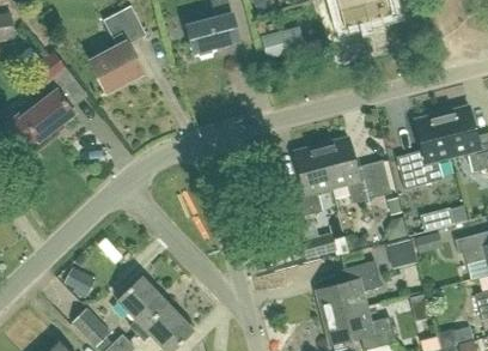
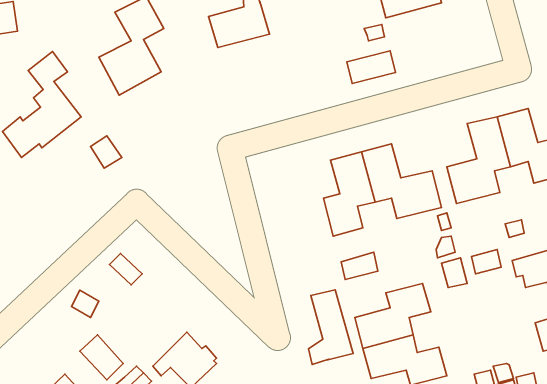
building: [261,29,304,58] -> [347,51,396,83]
building: none -> [309,290,353,364]
building: [117,277,166,334] -> none

